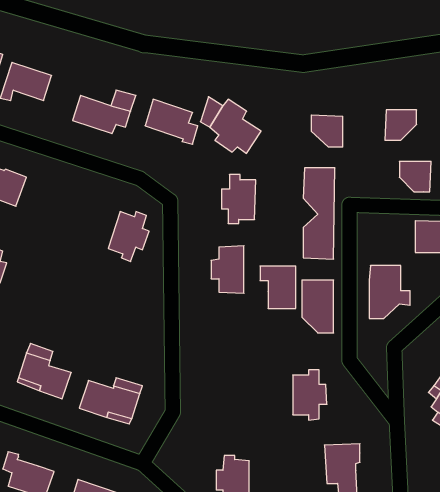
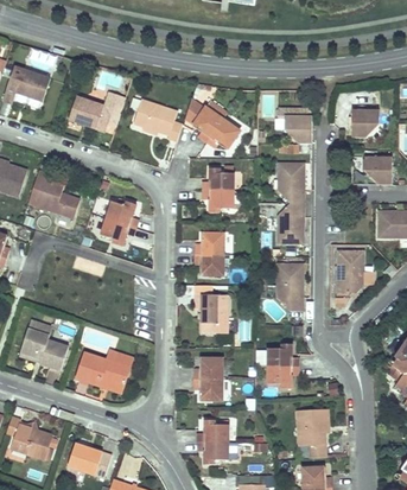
building: none -> [28,172,80,217]
building: [260,266,296,308] -> [195,295,227,333]
building: none -> [193,358,221,400]

